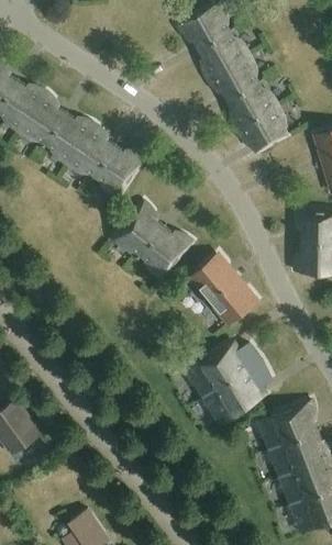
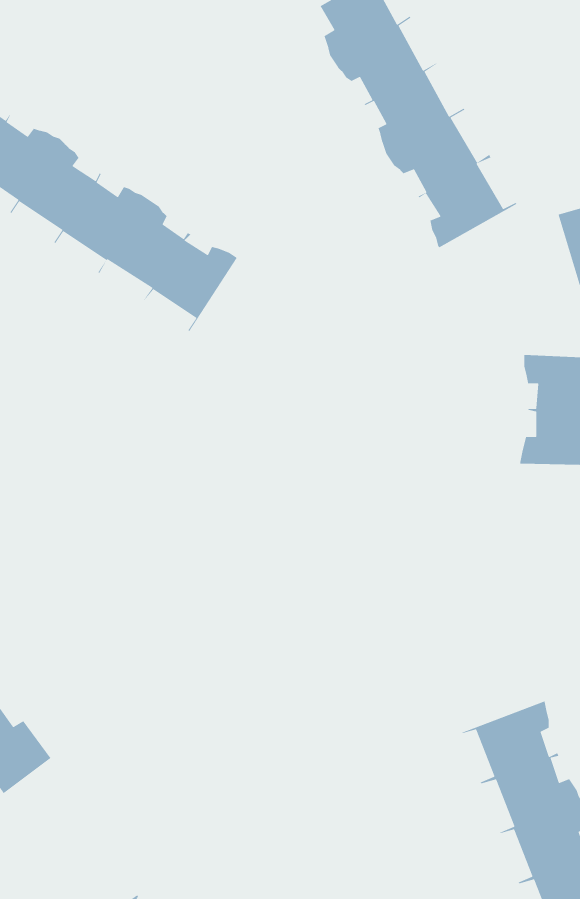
building: [113,203,191,280] -> none
building: [191,255,255,322] -> none
building: [201,346,261,415] -> none

